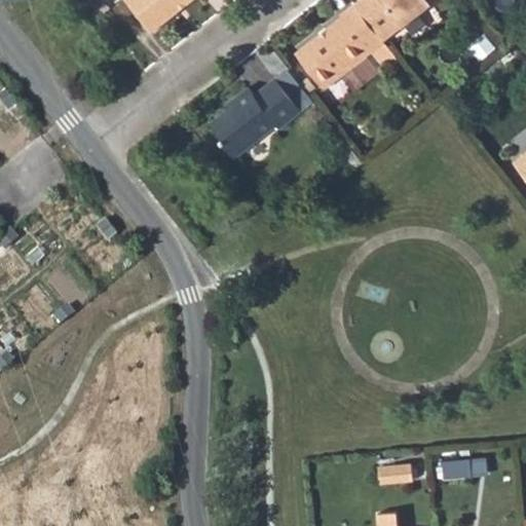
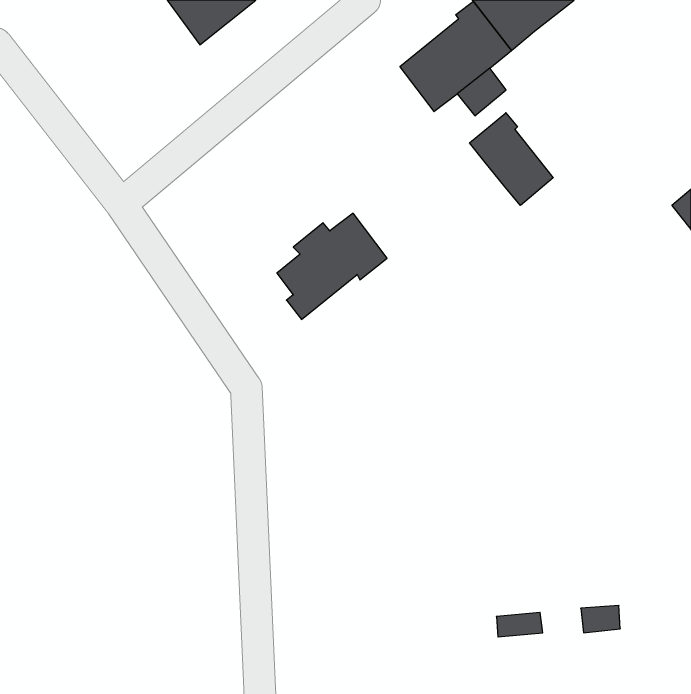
building: [219,72,302,152] -> [277,213,387,319]
building: none -> [470,113,553,205]

